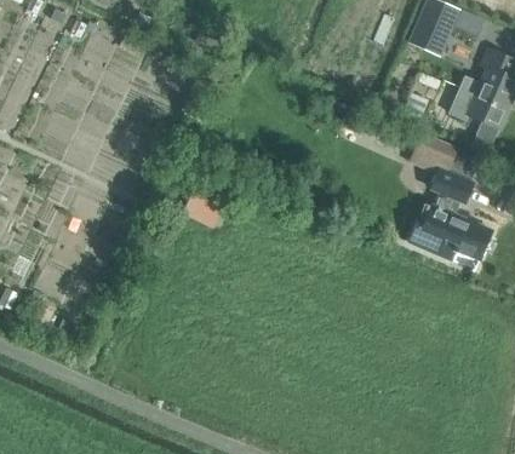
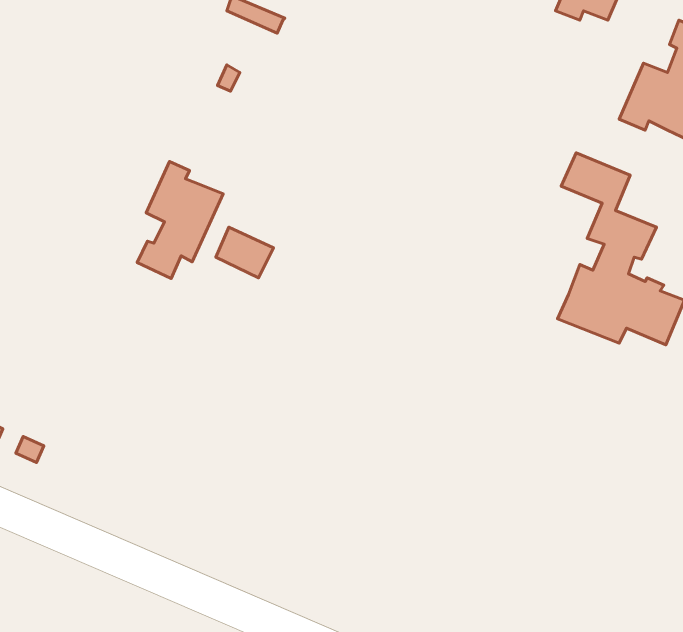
building: none -> [137,161,223,279]

